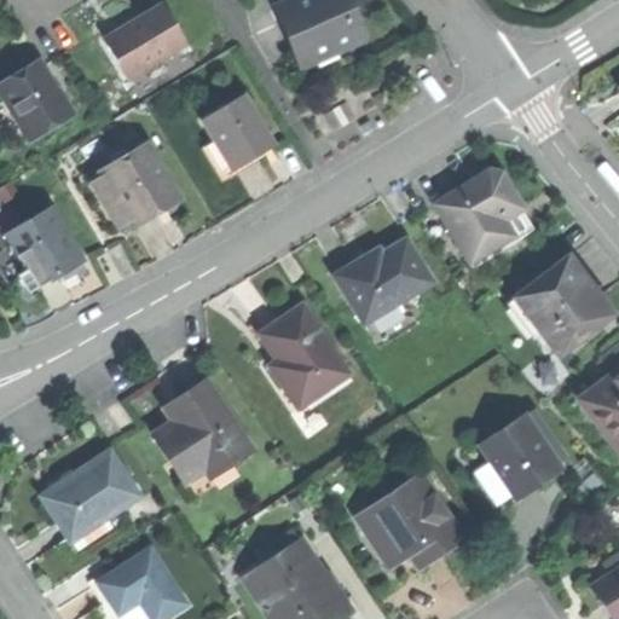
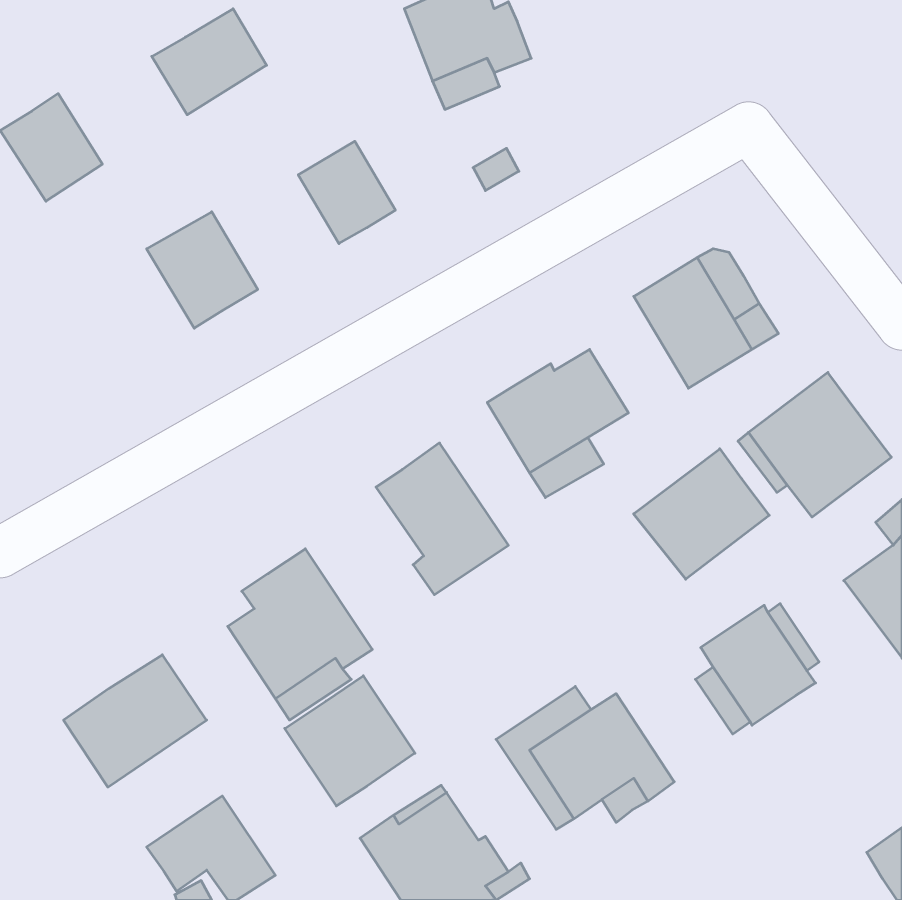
building: [6,210,81,288] -> none
building: none -> [634,449,769,579]
building: none -> [285,676,415,806]

